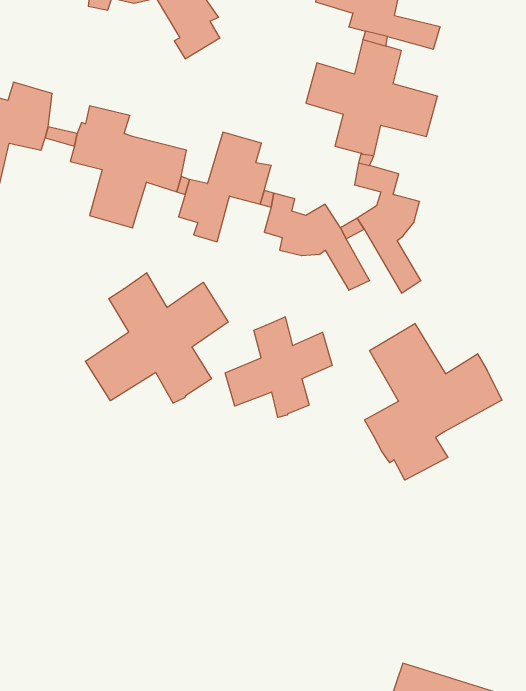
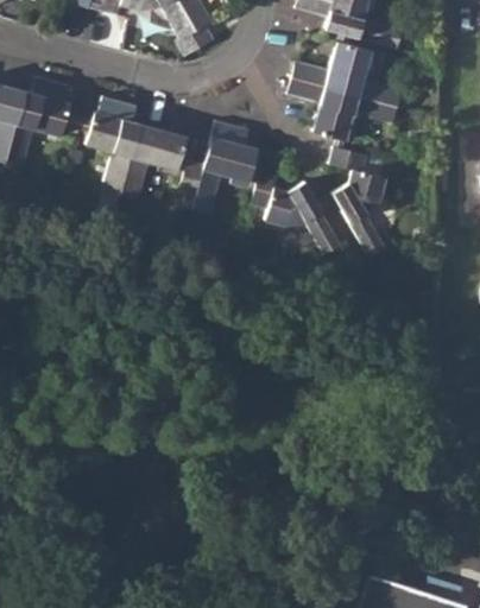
building: [85,273,228,403] -> none
building: [225,317,332,417] -> none
building: [365,323,502,480] -> none

